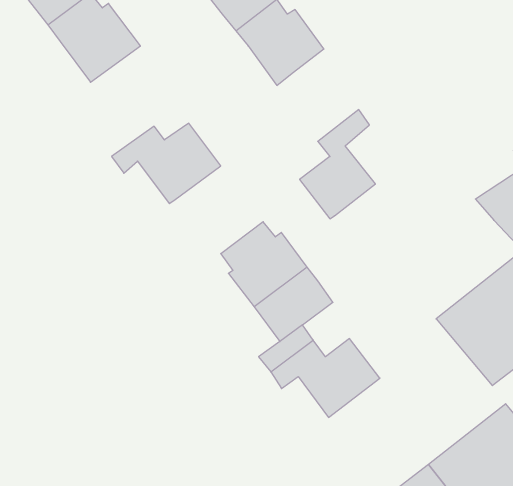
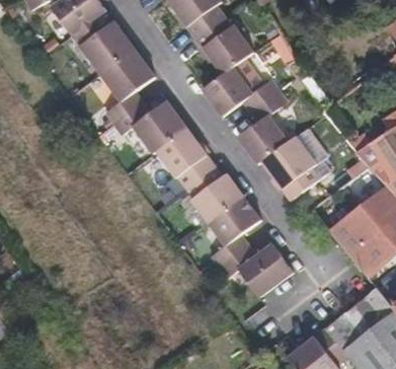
building: none -> [98,48,153,122]
building: none -> [203,66,278,116]
building: none -> [154,128,214,187]
building: none -> [261,136,318,200]

